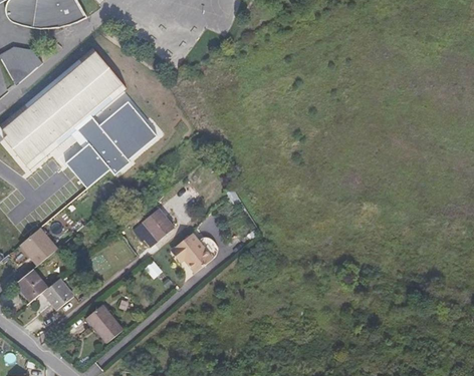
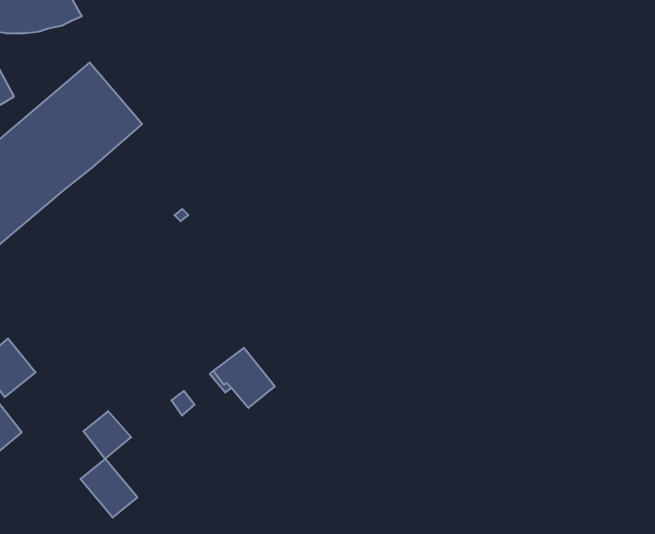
building: [64,99,157,187] -> none
building: [142,209,174,241] -> none
building: [42,279,73,310] -> [83,411,131,459]

